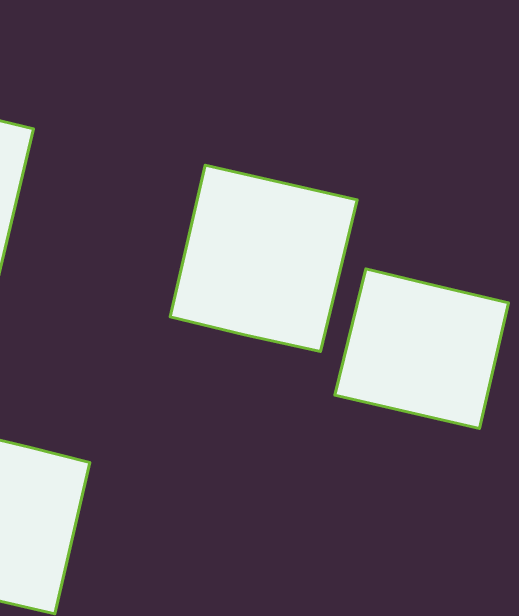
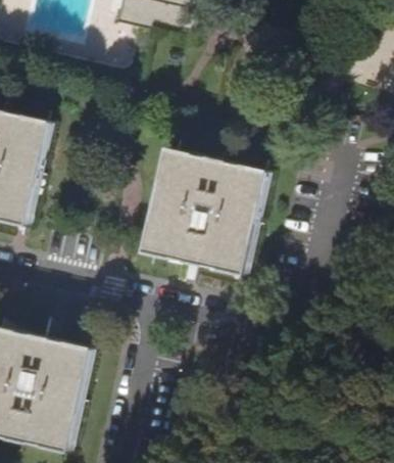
building: [335,269,509,429] -> none

